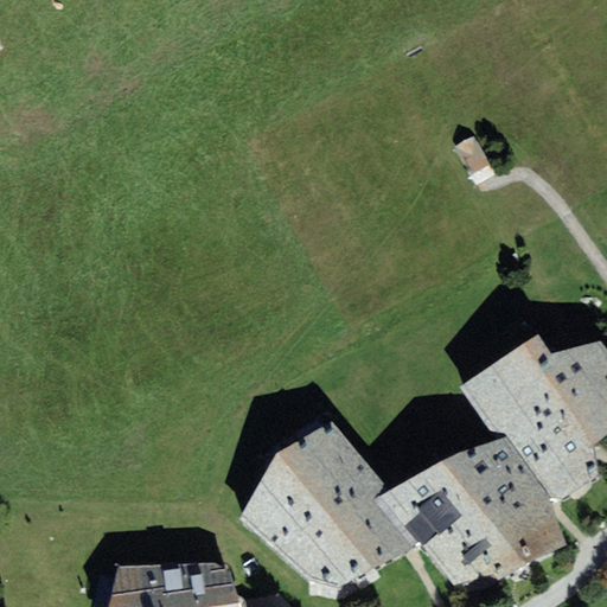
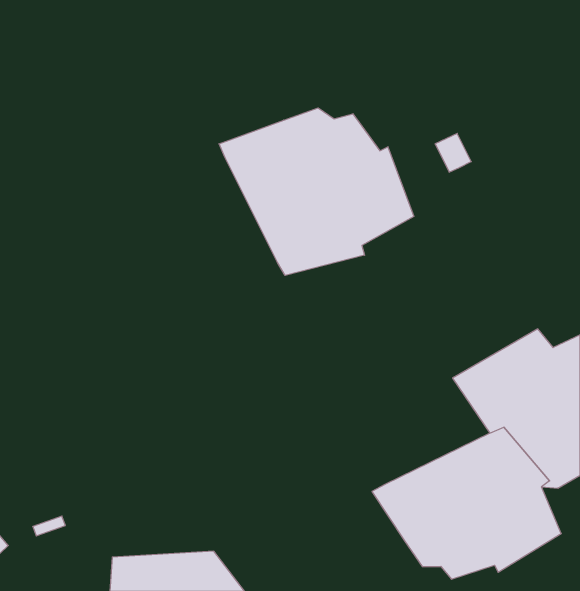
building: none -> [219,108,414,275]
building: [242,421,410,588] -> none

